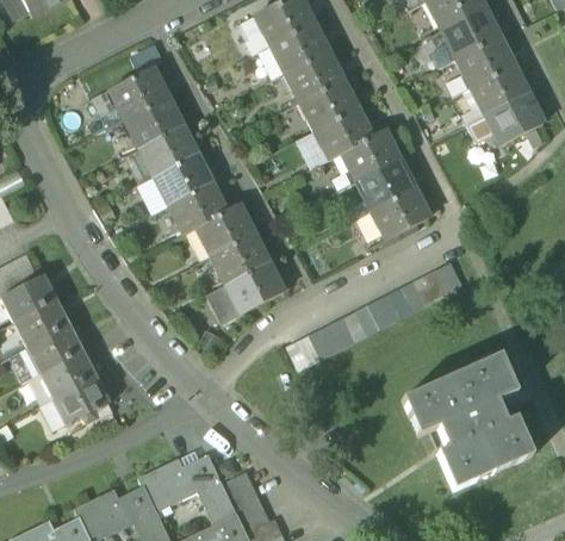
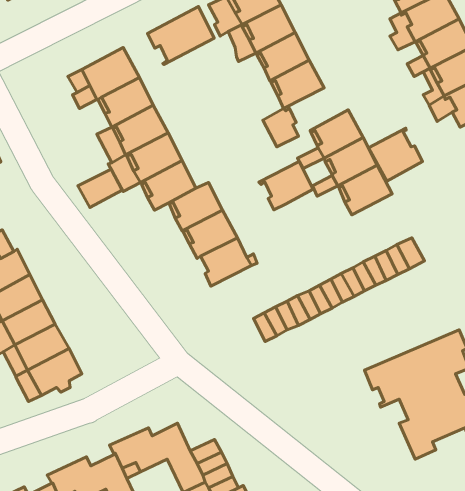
building: none -> [148,6,214,64]
building: [319,107,375,157] -> [259,161,313,210]
building: none -> [368,128,423,181]
building: none -> [78,169,122,208]
building: [211,281,244,322] -> none

